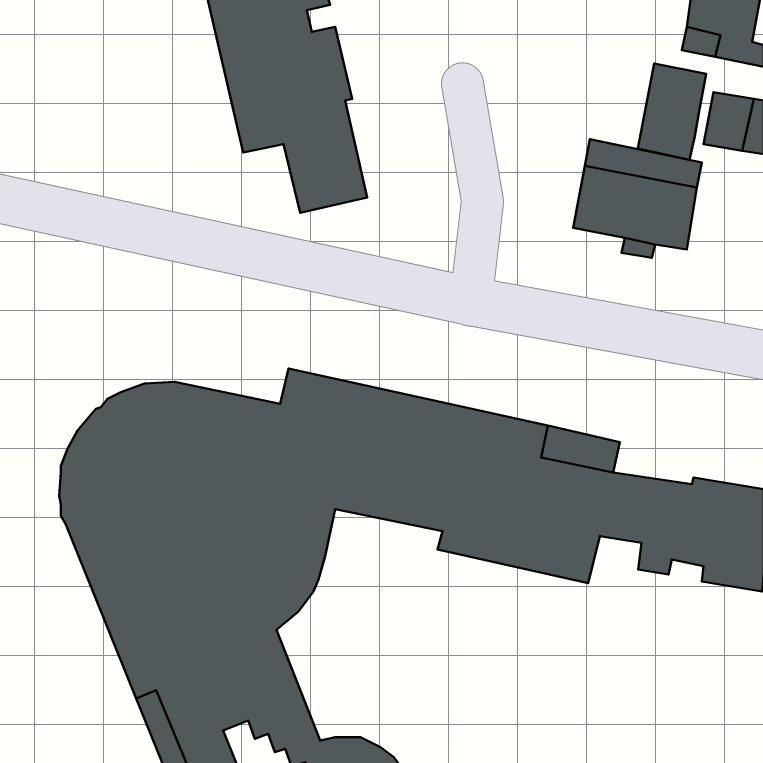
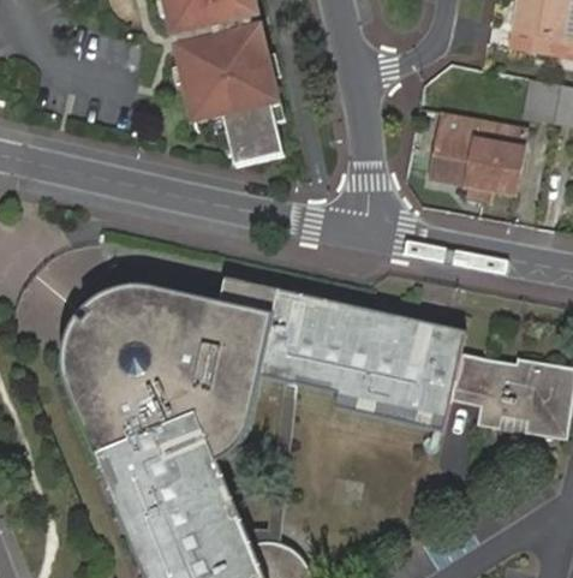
building: [638,63,706,160] -> none

